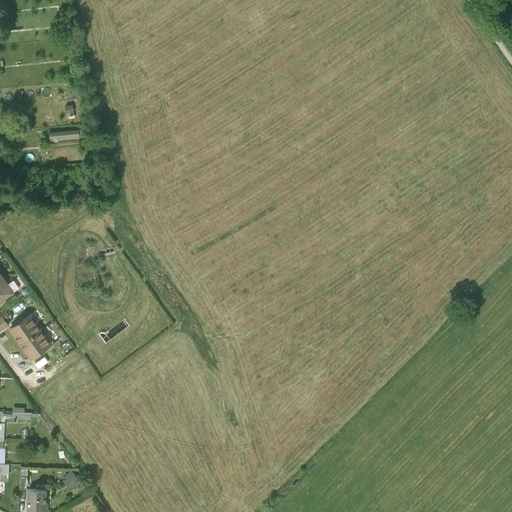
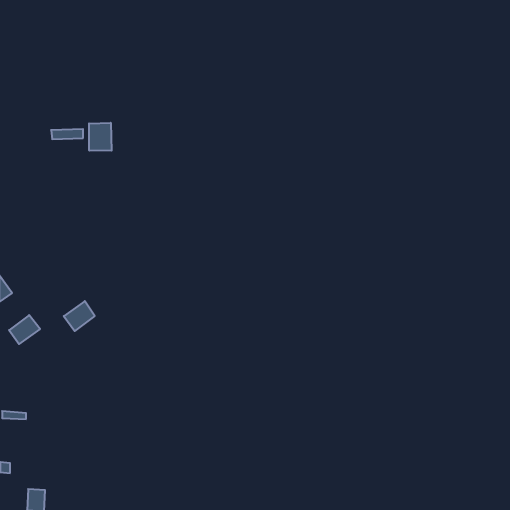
building: none -> [89,123,112,151]
building: [19,330,50,360] -> [64,301,95,331]

